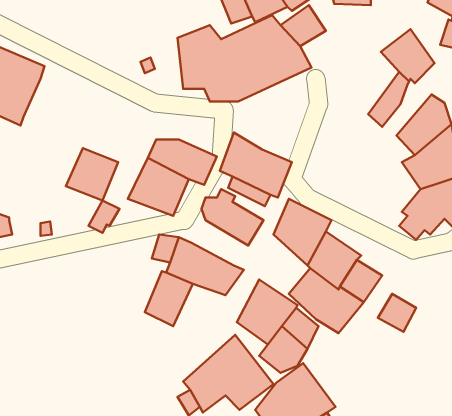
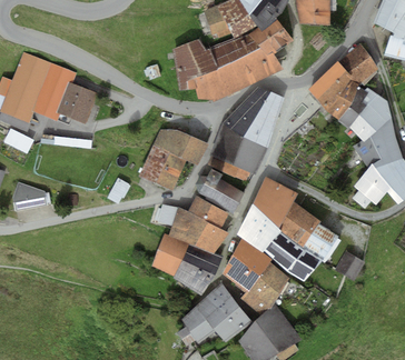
building: none -> [307,60,350,109]
building: none -> [220,86,283,147]
building: none -> [337,86,376,127]
building: [66,148,118,200] -> [55,81,96,122]
building: none -> [187,194,227,228]
building: none -> [235,203,280,252]
building: none -> [171,242,223,294]

